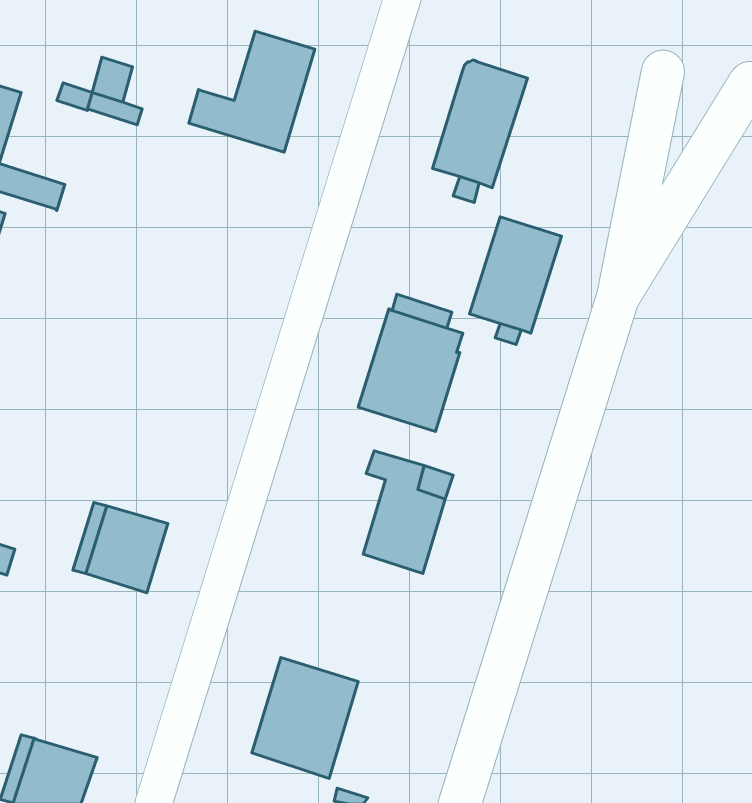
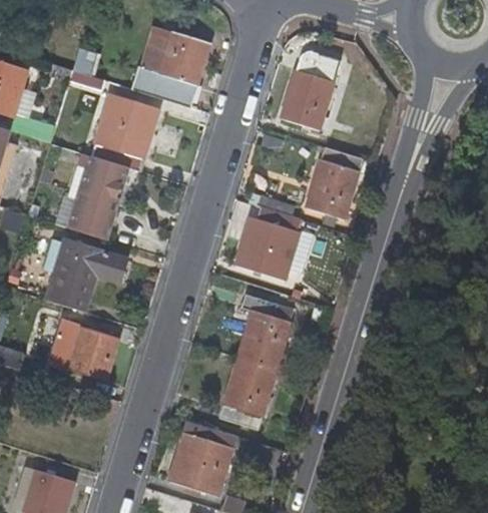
building: none -> [138,25,171,74]
building: none -> [90,95,156,170]
building: none -> [65,164,124,238]
building: none -> [46,239,127,312]
building: none -> [218,356,276,429]

